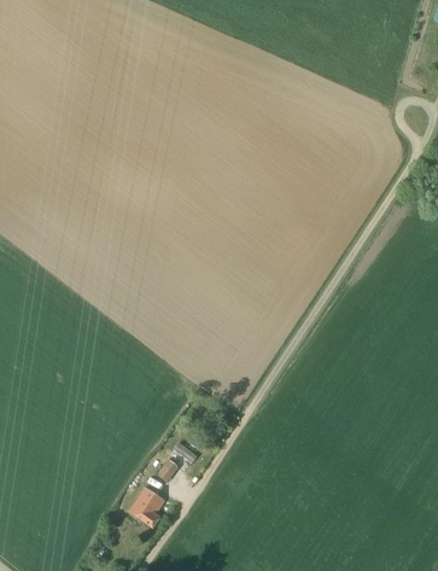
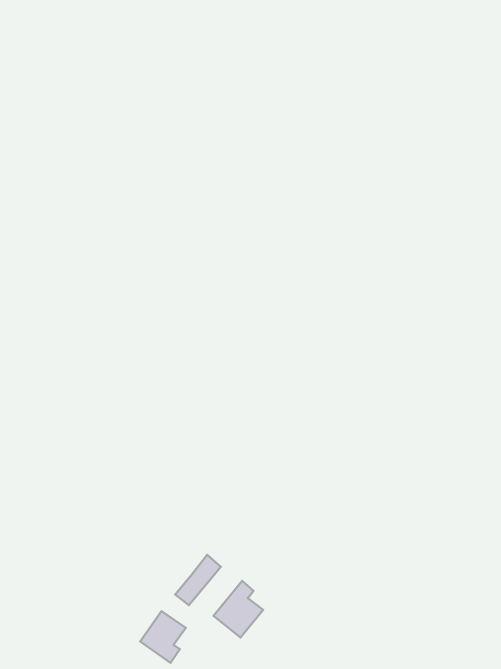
building: none -> [214,581,263,637]

